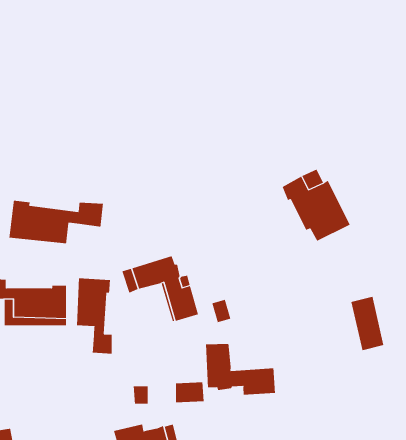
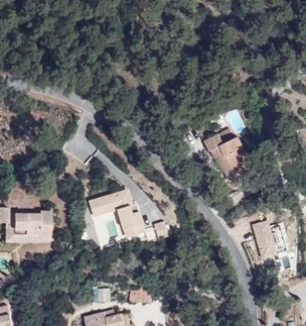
building: [9,200,104,244] -> none
building: [77,278,112,354] -> none
building: [205,343,275,396] -> none

